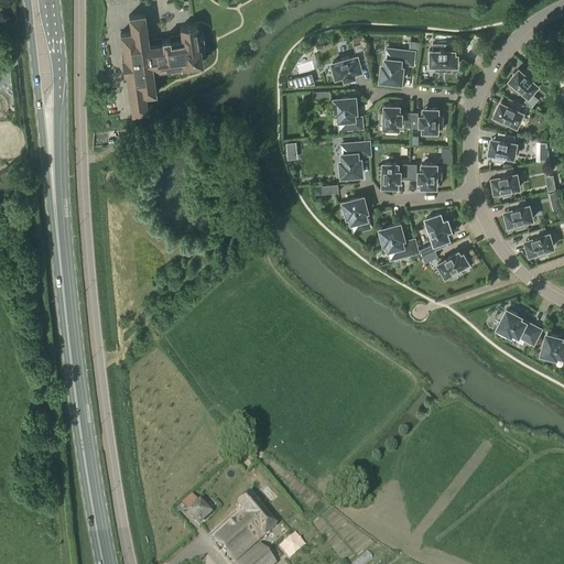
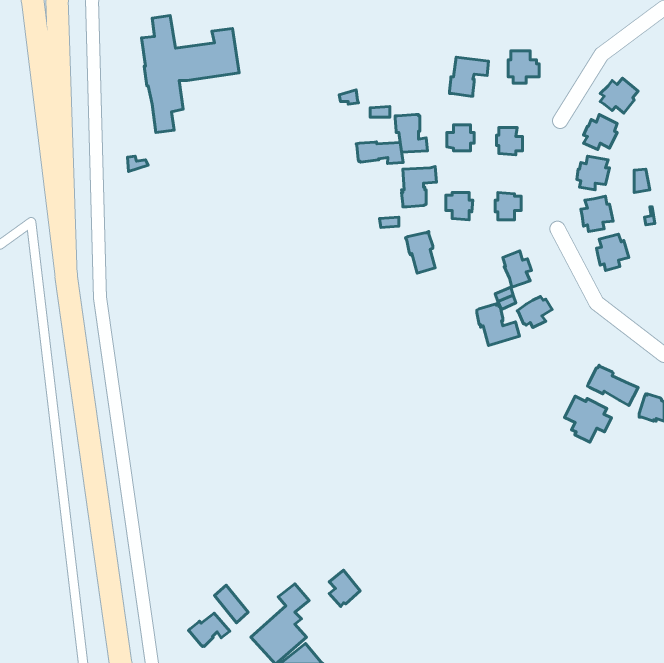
building: [332,44,368,80] -> none
building: none -> [356,142,403,164]
building: [381,225,417,260] -> [477,304,520,345]
building: [525,228,553,259] -> none
building: none -> [565,396,611,442]
building: [250,510,276,541] -> [329,570,360,607]
building: none -> [188,613,230,647]

